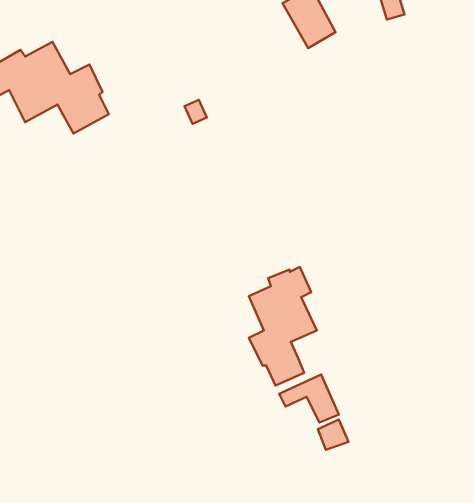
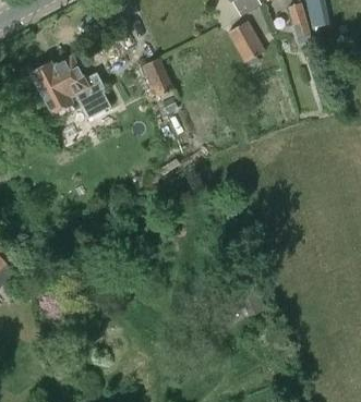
building: none -> [143,58,173,96]
building: [249,267,317,385] -> none

